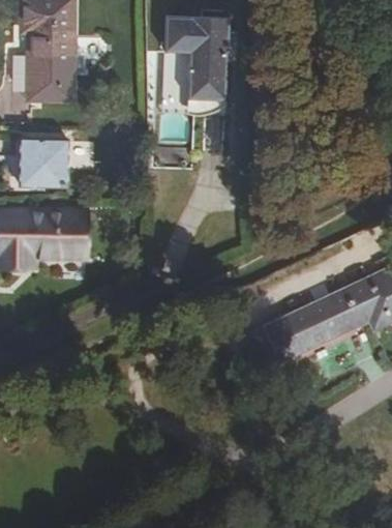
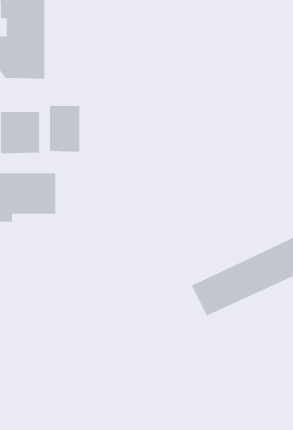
building: [169,18,234,102] -> none
building: none -> [49,105,80,153]

